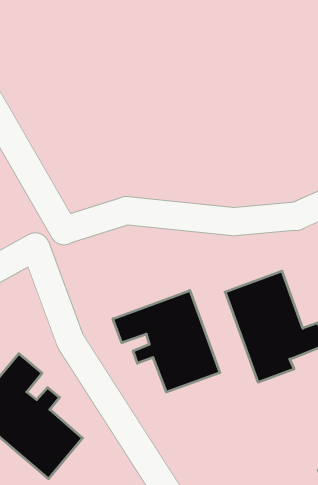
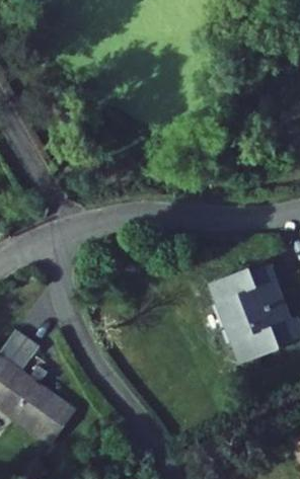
building: [113,290,220,392] -> none

